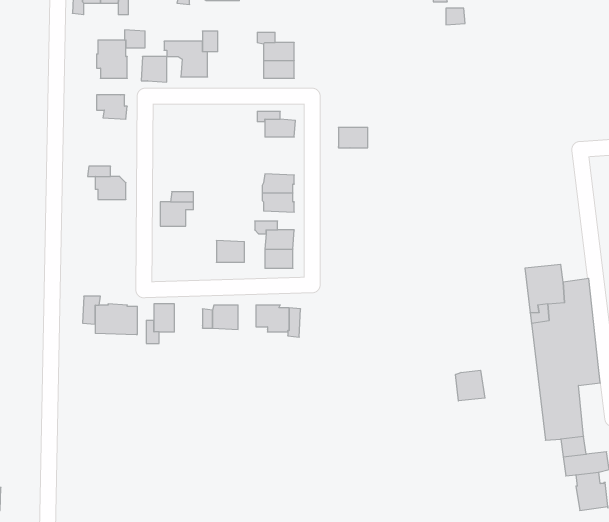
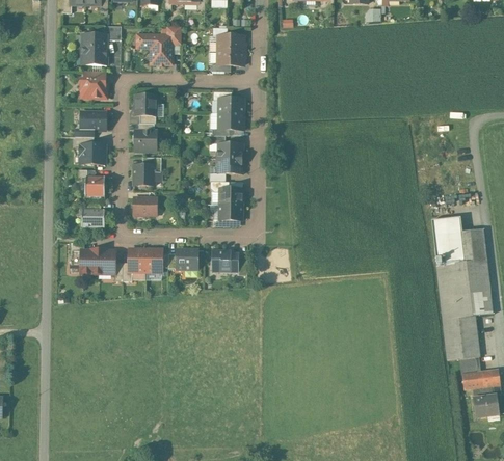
building: [141,57,167,82] -> [134,96,155,116]
building: [338,127,368,148] -> [218,113,242,130]
building: none -> [80,112,105,131]
building: none -> [134,131,156,152]
building: none -> [84,177,104,196]
building: [216,241,244,262] -> [133,197,156,215]
building: none -> [81,210,104,227]
building: none -> [144,249,161,272]
building: [456,370,485,401] -> none

